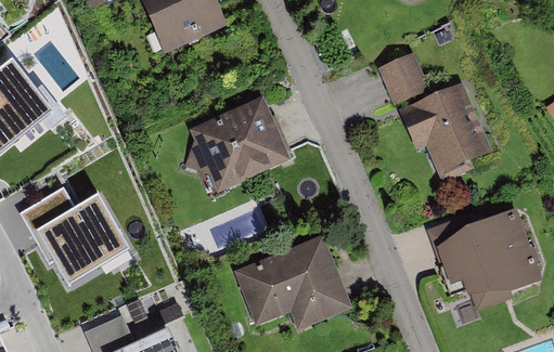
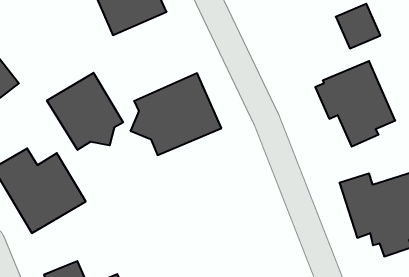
building: [378,52,430,104] -> [336,4,380,48]
building: none -> [47,73,123,150]
building: [234,235,352,329] -> none

